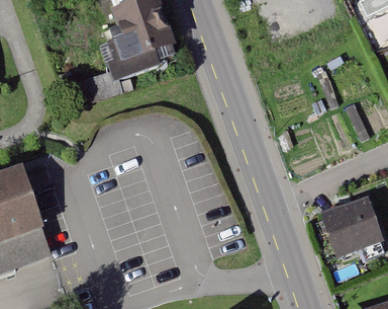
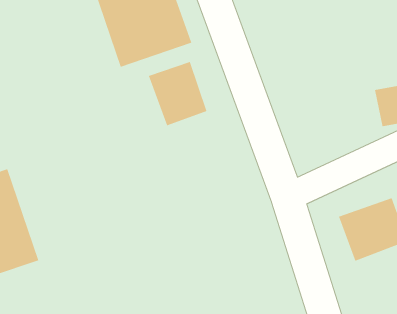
building: none -> [148,61,207,126]

